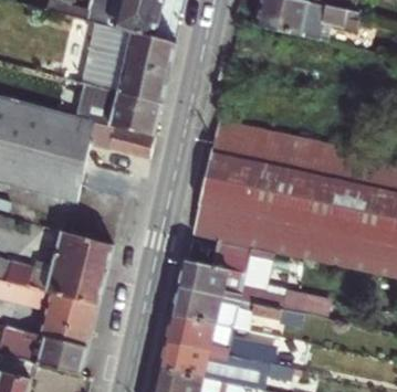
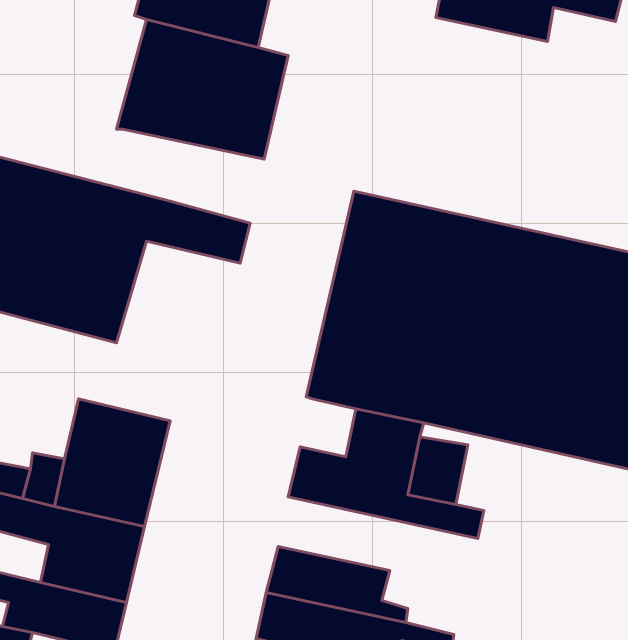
building: [77,84,164,136] -> none
building: [171,287,284,331] -> none

